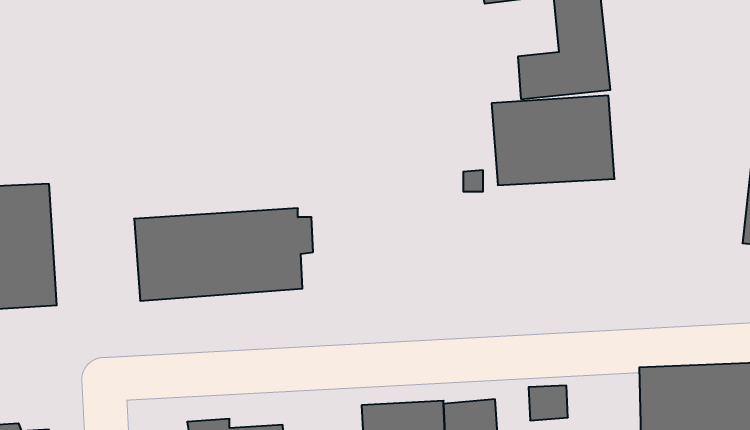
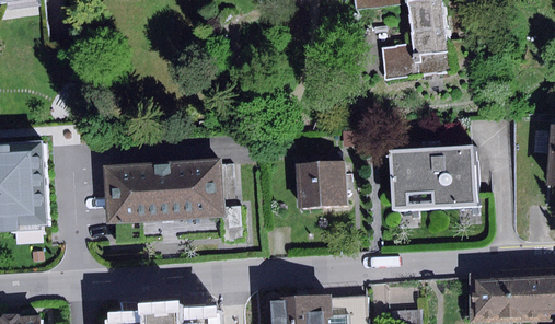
building: [492,96,615,185] -> [389,143,477,208]
building: none -> [297,162,347,209]

